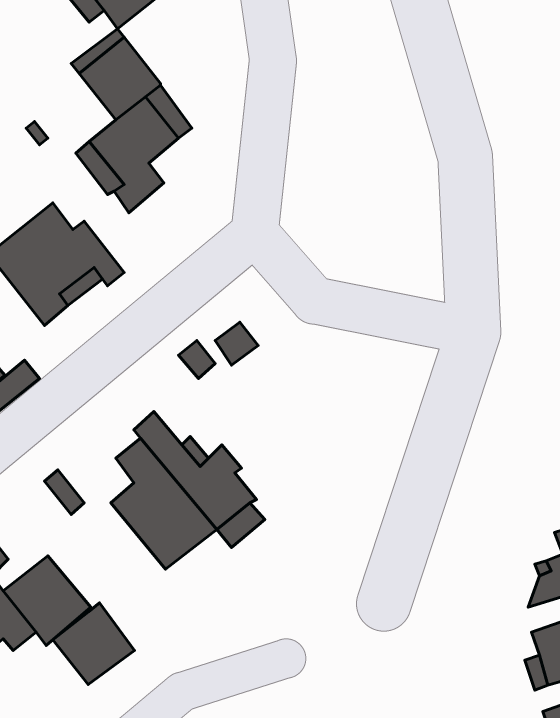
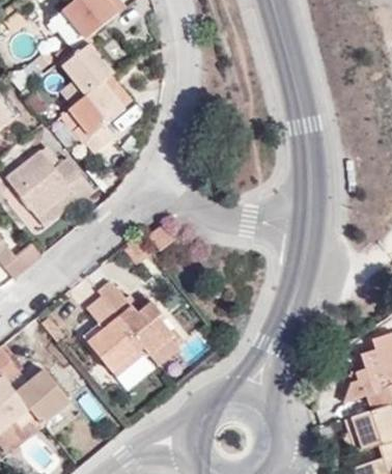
building: [53,603,135,684] -> none

